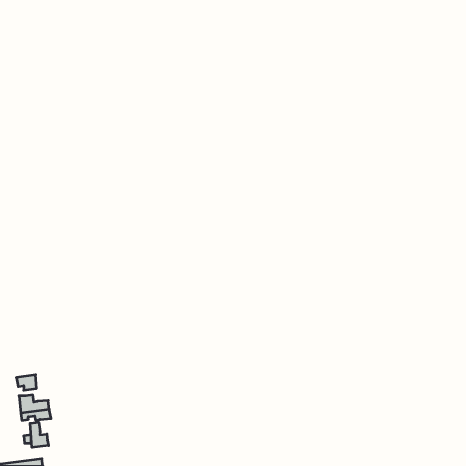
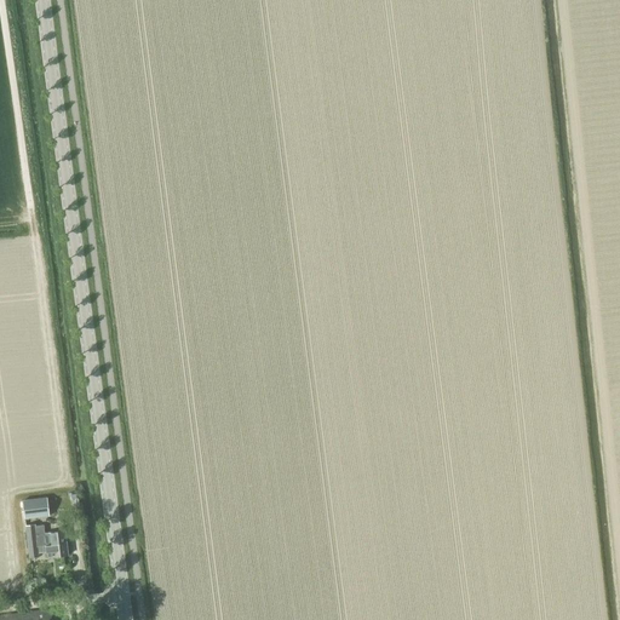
building: [30,422,49,447] -> none

